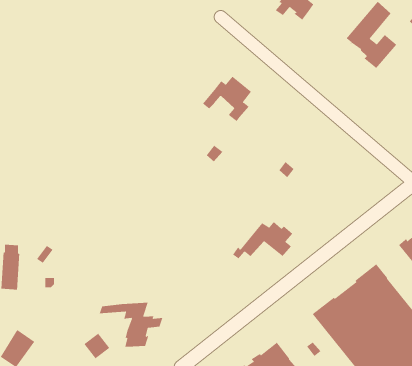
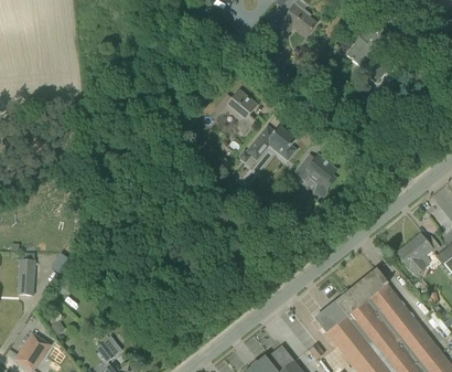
building: none -> [295,155,337,193]
building: [232,221,293,259] -> [239,126,298,162]
building: [99,302,163,347] -> none

